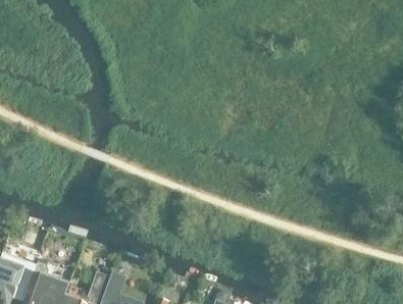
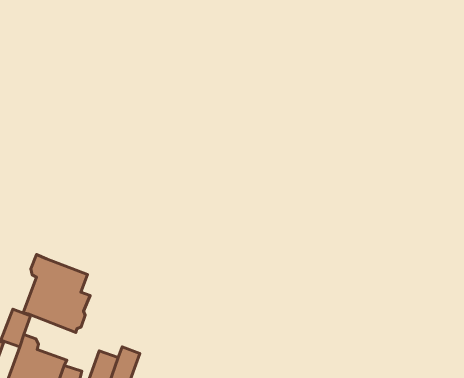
building: none -> [23,254,90,332]

